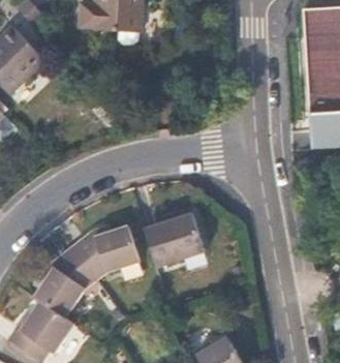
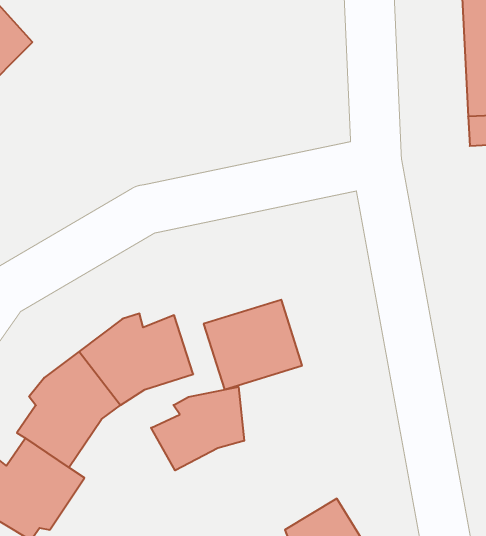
building: none -> [151,387,244,470]

